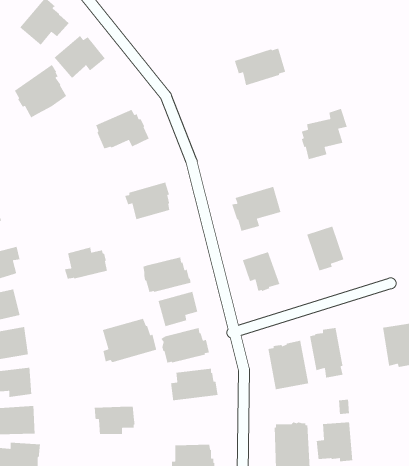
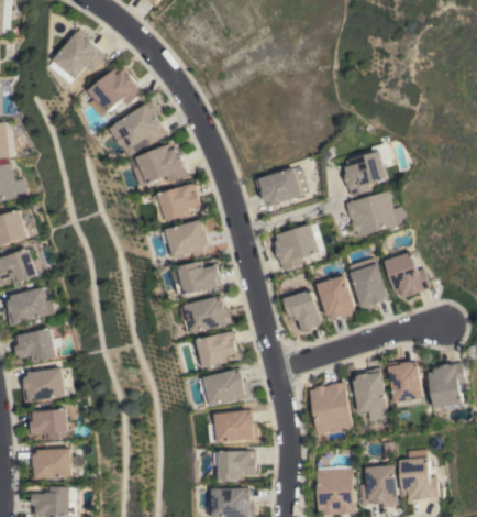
building: [234,48,286,86] -> [254,167,308,207]
building: [14,64,67,118] -> [111,101,166,157]
building: none -> [153,185,200,223]
building: none -> [345,191,407,238]
building: none -> [384,244,430,298]
building: none -> [315,275,355,320]
building: [64,246,108,280] -> [175,261,220,295]
building: [102,318,157,363] -> none
building: none -> [387,361,422,408]
building: [94,406,136,435] -> [214,451,257,481]
building: none -> [399,458,437,501]

